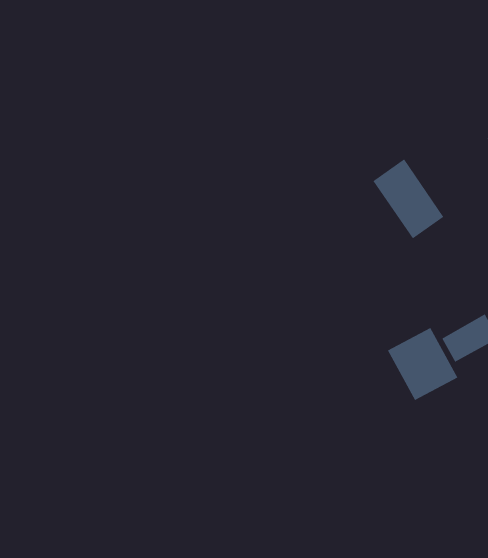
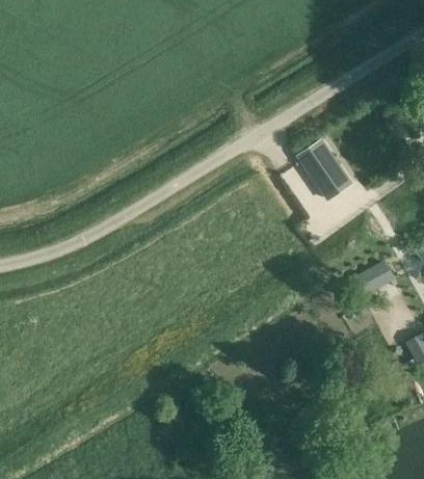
building: [387,327,458,401] -> none

